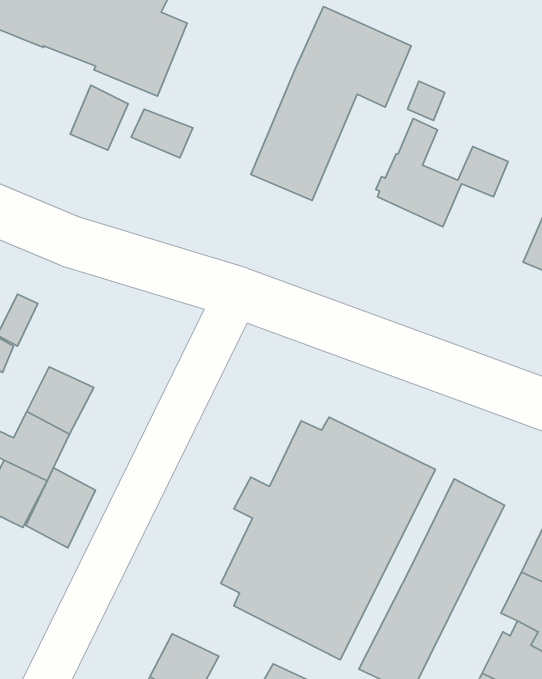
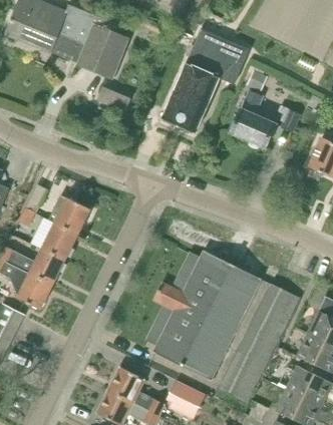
building: [70,85,128,150] -> none
building: none -> [48,194,89,235]
building: [26,468,96,548] -> none

